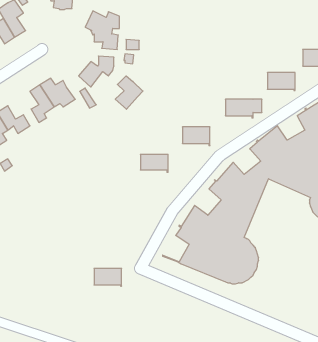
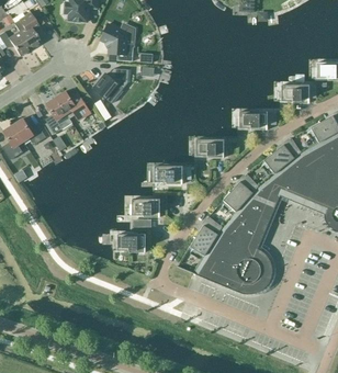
building: [115,76,143,109] -> none
building: none -> [132,200,159,217]
building: [94,268,122,286] -> [117,235,145,252]

